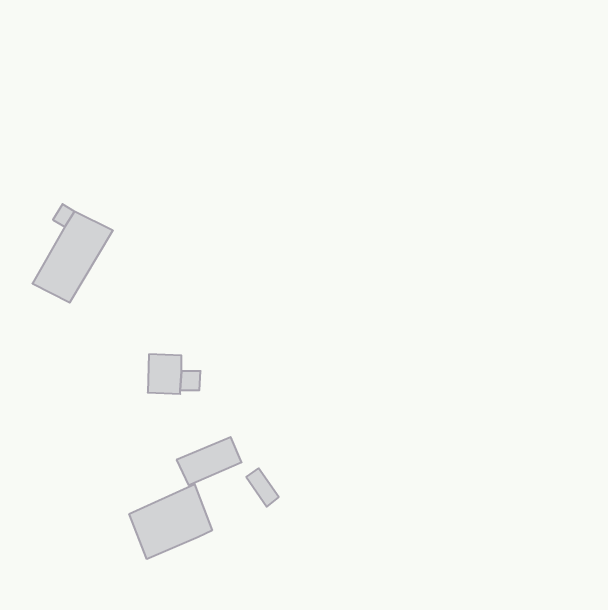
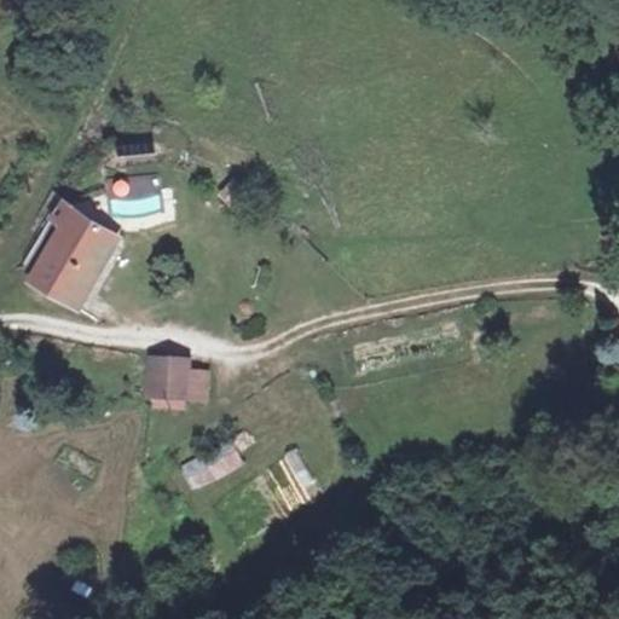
building: [129,484,212,559] -> none

